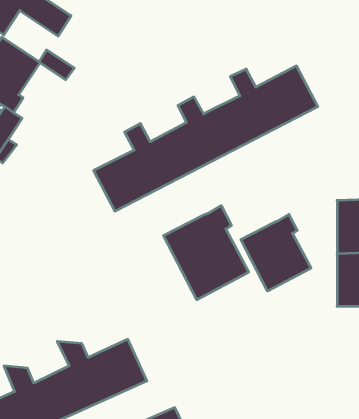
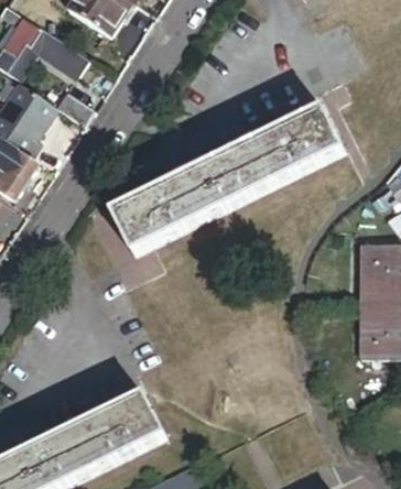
building: [164,206,249,300] -> none
building: [241,214,311,291] -> none

